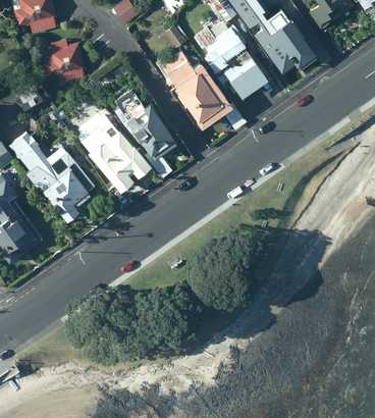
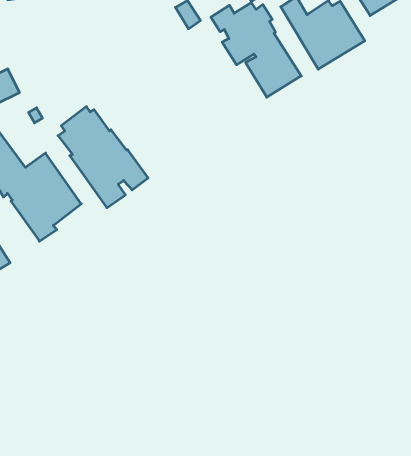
building: [41,39,84,85] -> none
building: [155,51,247,129] -> none
building: [114,91,175,176] -> none

